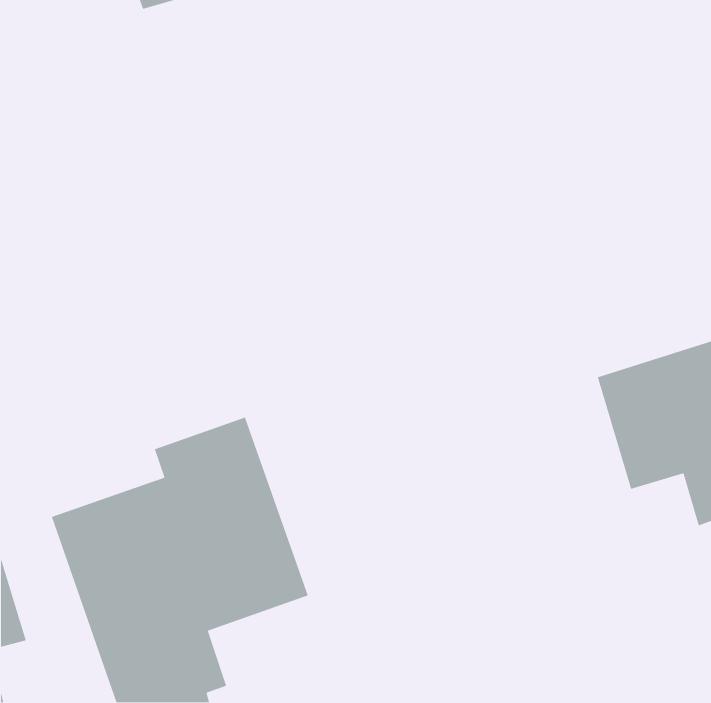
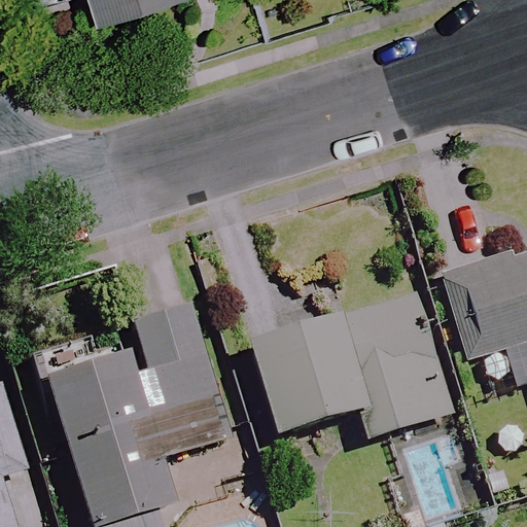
building: none -> [249,293,453,435]

